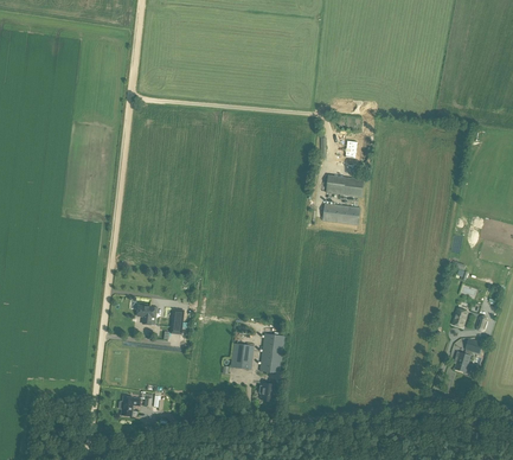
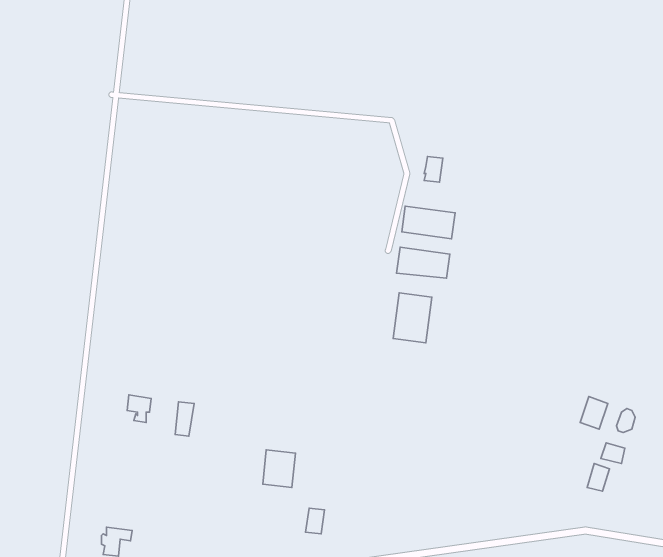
building: none -> [393,293,432,343]
building: [259,333,286,373] -> none

